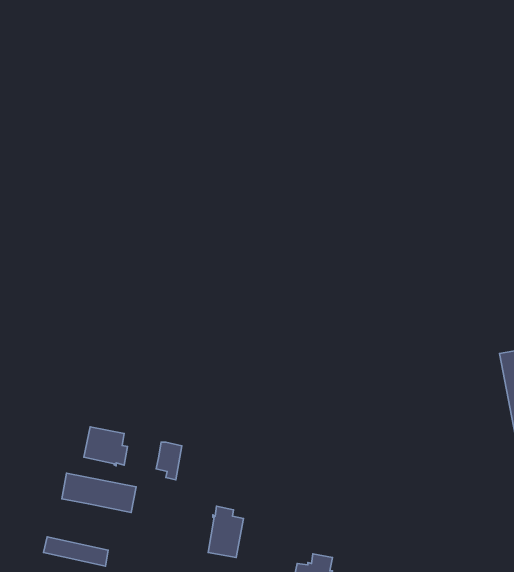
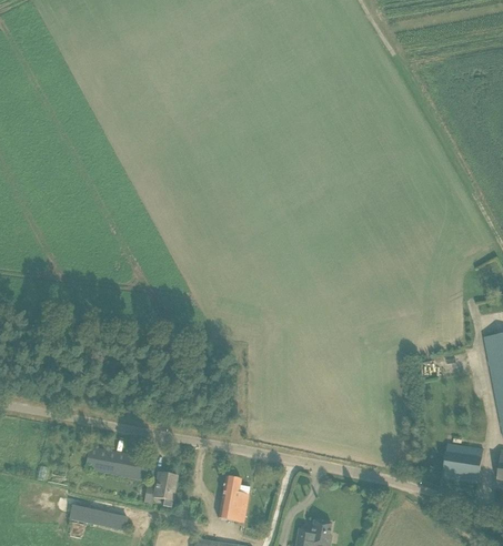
building: [84,427,127,466] -> none
building: [156,442,182,480] -> [153,473,177,507]
building: none -> [442,444,483,483]

